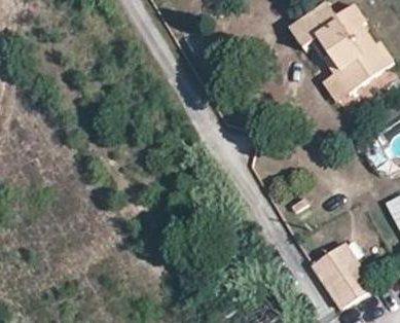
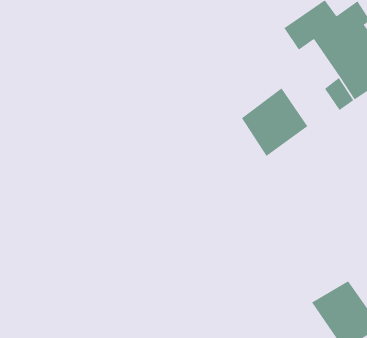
building: none -> [241,88,308,157]

